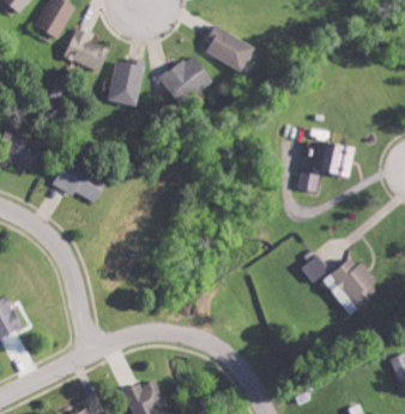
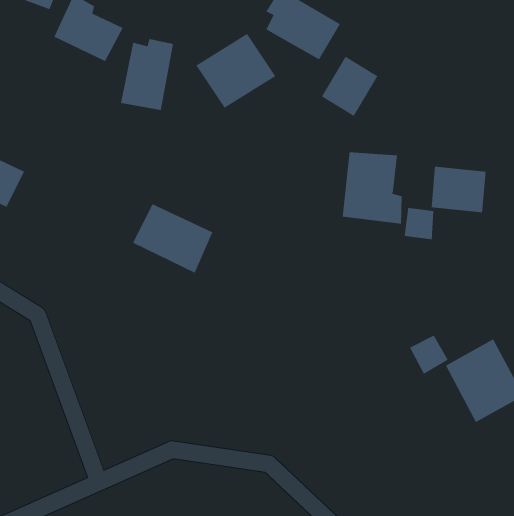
building: none -> [321,56,378,117]
building: none -> [342,151,402,224]
building: [53,158,107,205] -> [132,203,213,273]

